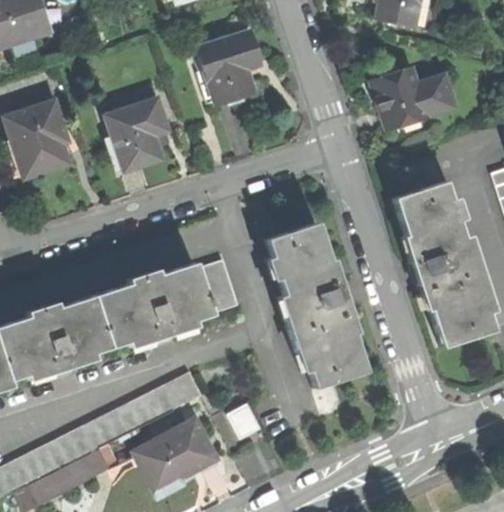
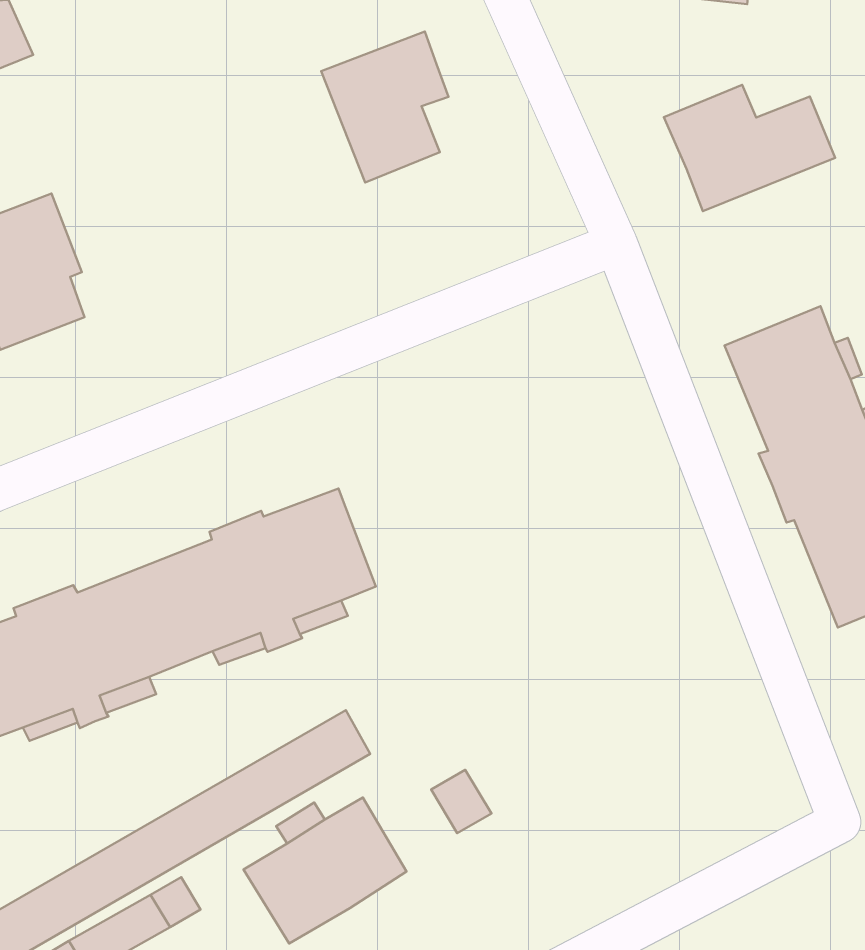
building: [106,98,170,172] -> none
building: [265,223,365,388] -> none
building: [196,257,238,311] -> none

